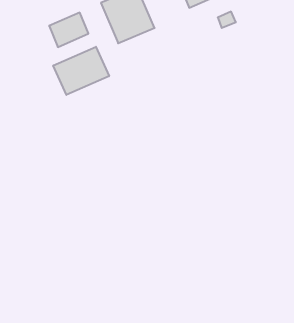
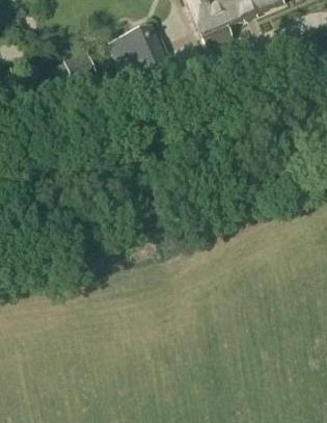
building: [53,47,109,95] -> none

